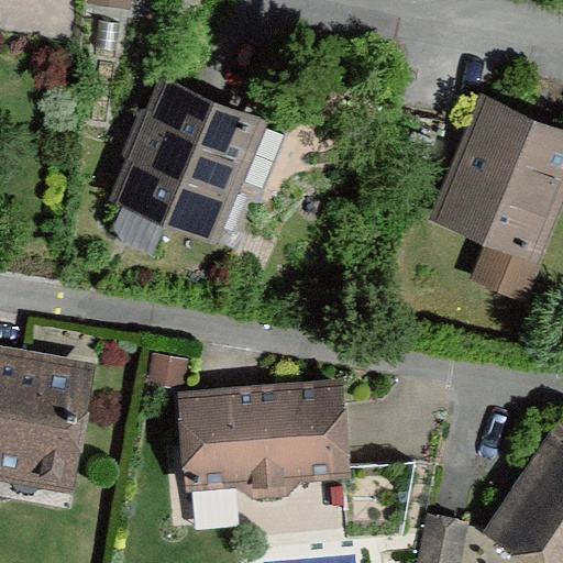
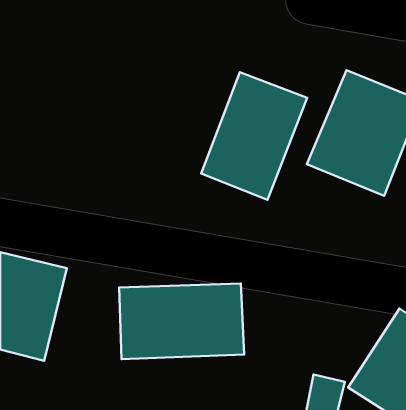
building: [104,73,272,264] -> none
building: none -> [201,72,307,200]

